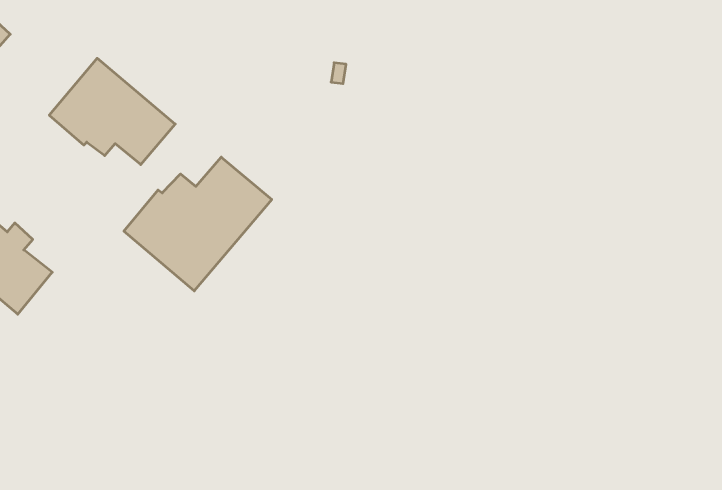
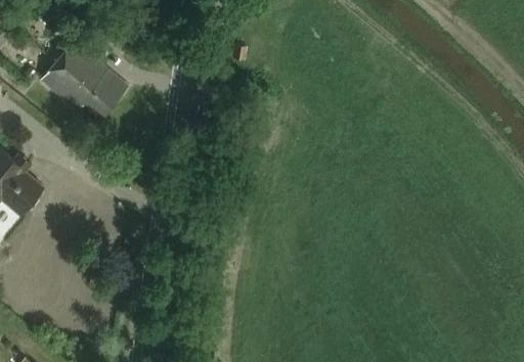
building: [124,157,272,291] -> none

